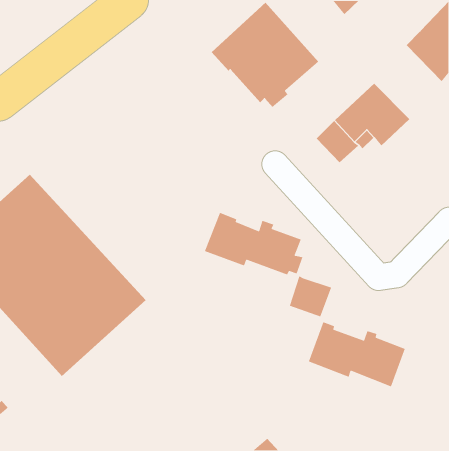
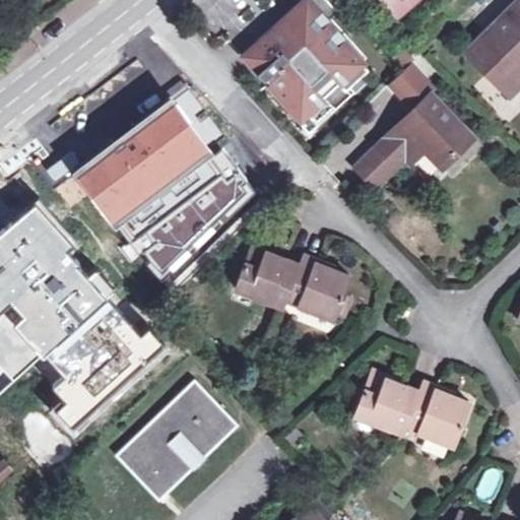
building: none -> [386,61,432,107]
building: none -> [62,84,257,291]
building: [289,275,332,318] -> none
building: none -> [115,379,236,500]

